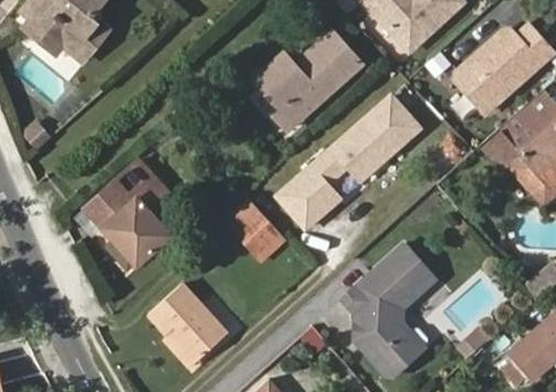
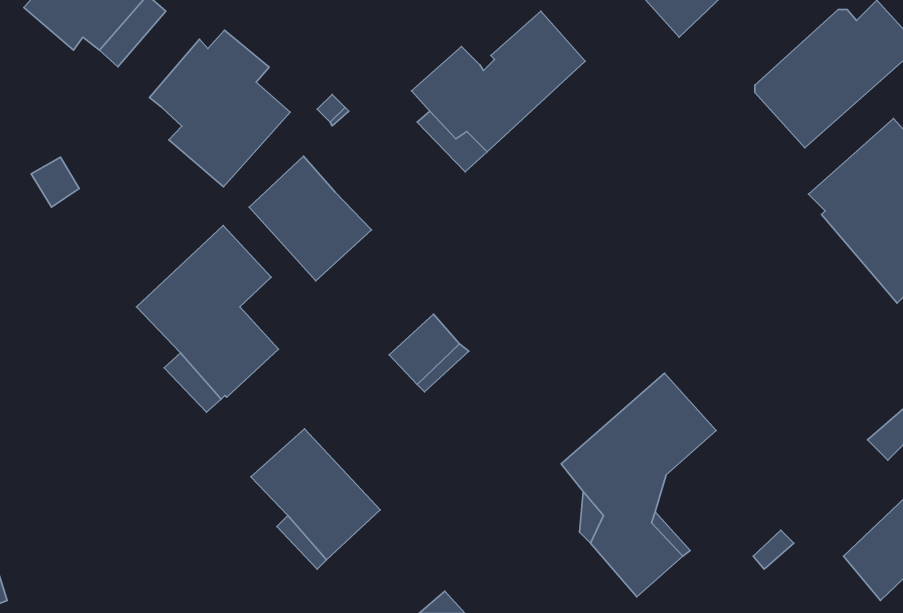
building: none -> [149,30,290,187]
building: [274,92,422,232] -> none
building: none -> [249,156,372,281]

